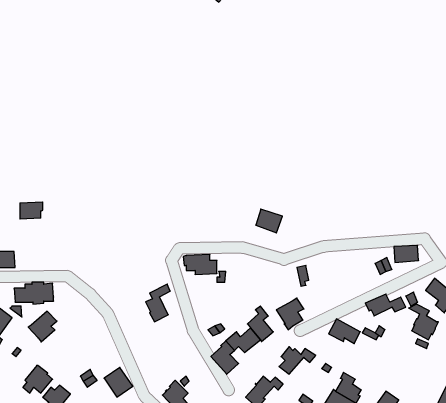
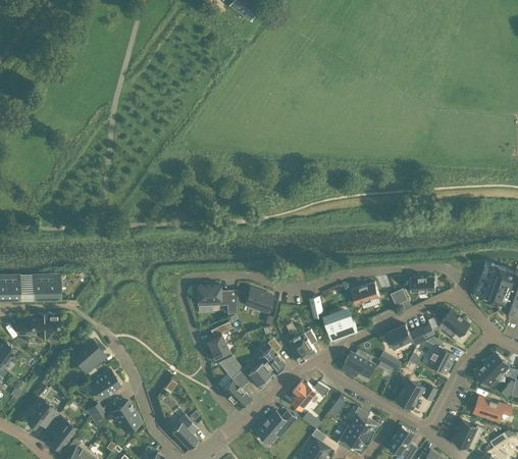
building: [20,202,43,219] -> [33,280,56,298]
building: [256,209,282,233] -> [244,288,271,312]
building: none -> [351,282,378,308]
building: none -> [325,312,355,338]
building: [146,284,170,322] -> [205,320,230,359]
building: [28,311,57,342] -> [72,341,102,372]
building: none -> [88,369,119,399]
building: none -> [396,378,435,408]

